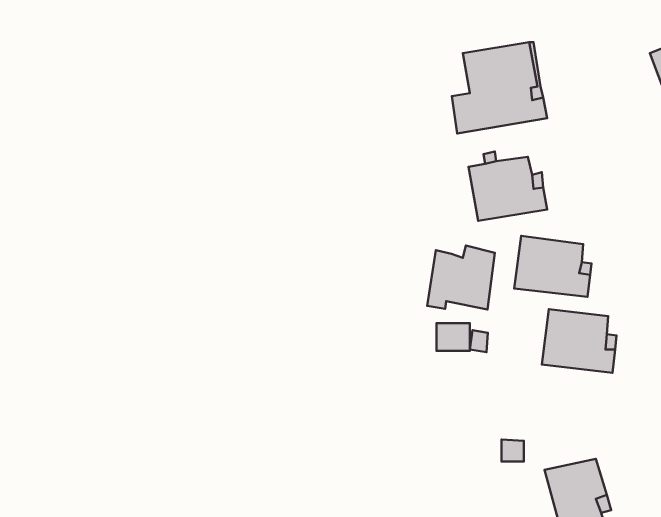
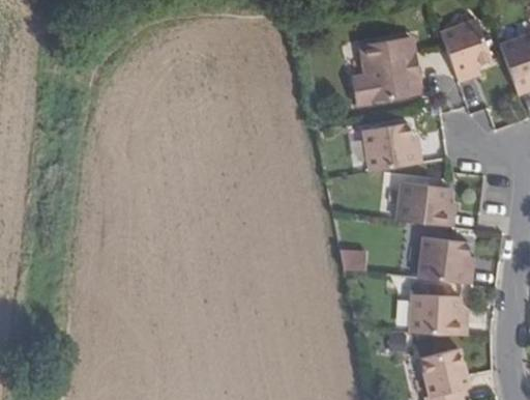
building: none -> [439,18,492,82]
building: [427,245,495,310] -> none
building: none -> [411,294,466,336]

